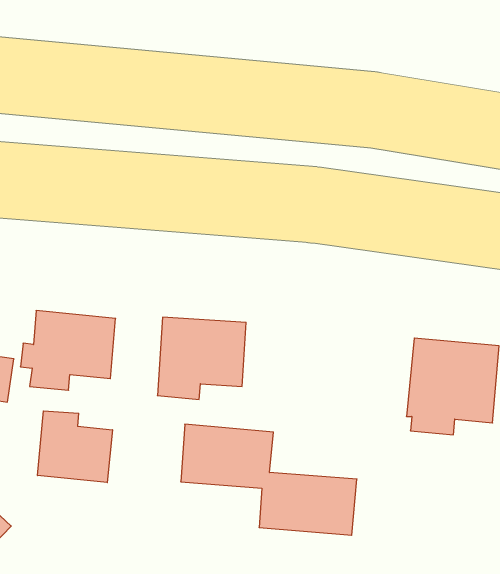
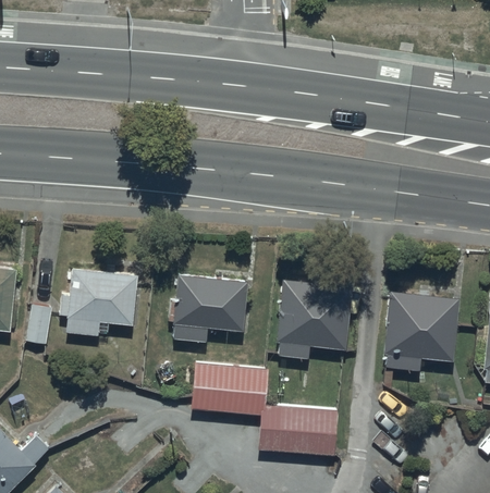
building: none -> [275,279,354,360]
building: [38,411,112,483] -> none

